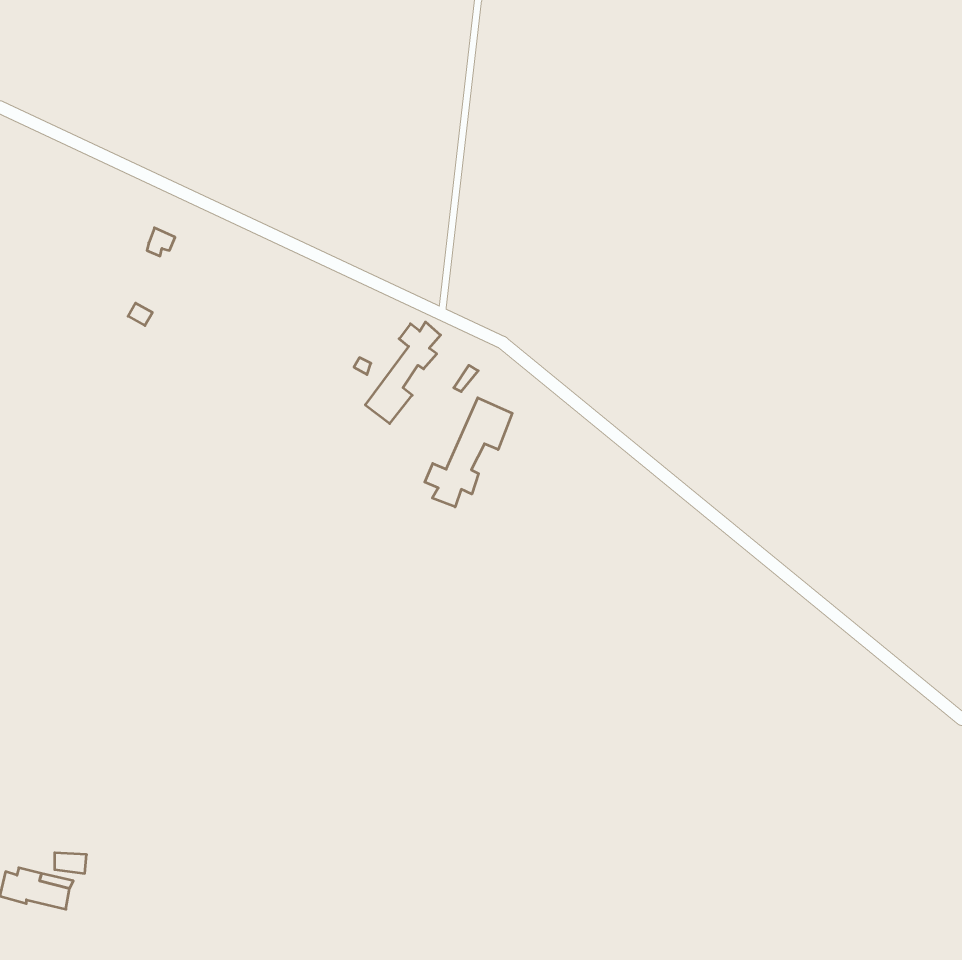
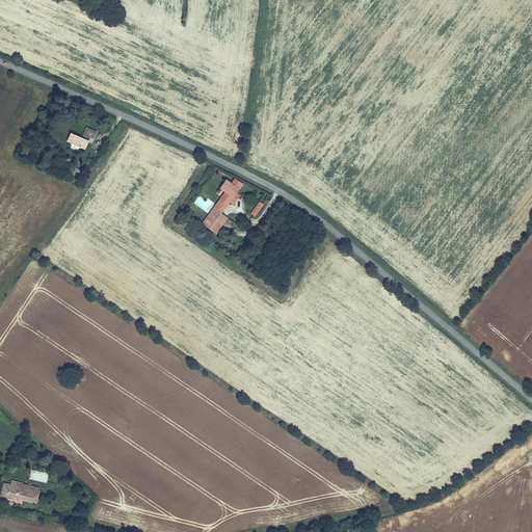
building: [425,398,512,507] -> none

